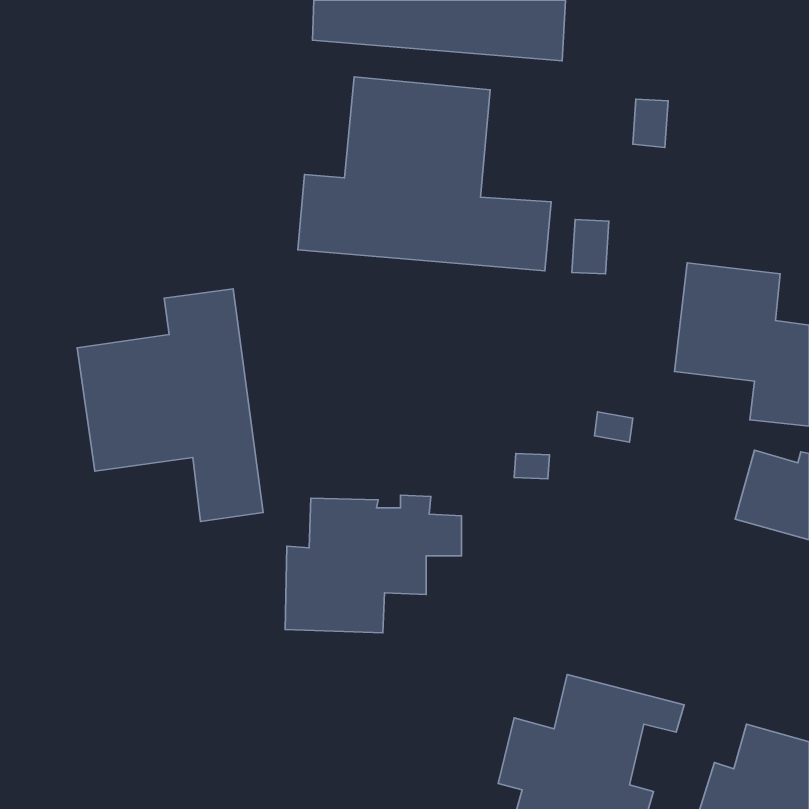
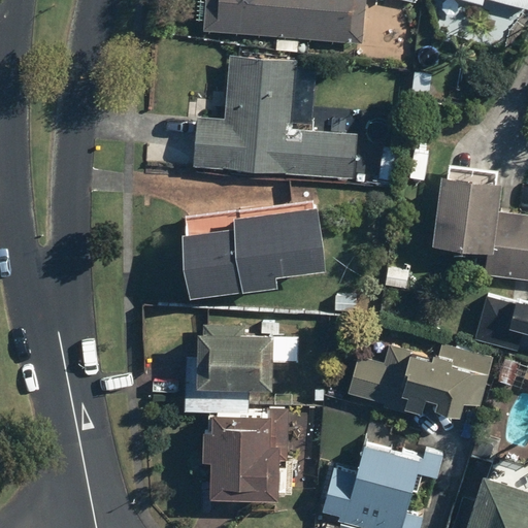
building: [77,289,263,521] -> none
building: none -> [183,204,327,297]
building: none -> [346,345,493,416]
building: none -> [204,409,289,500]

